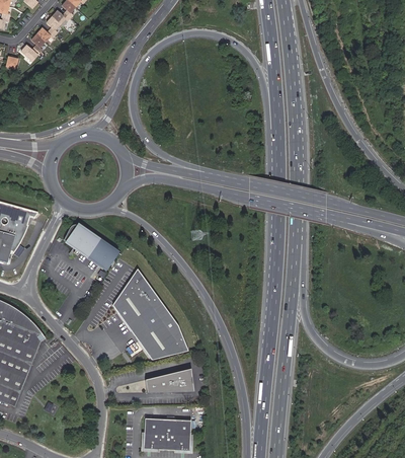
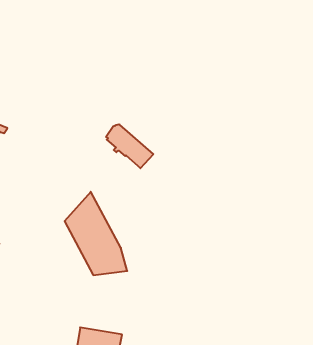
building: [63,224,116,269] -> [106,125,153,168]
building: [145,368,192,391] -> none

